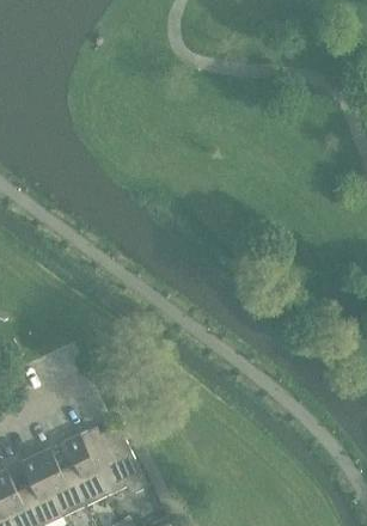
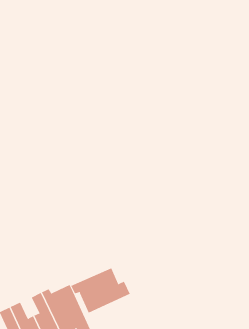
building: none -> [71,268,131,314]

